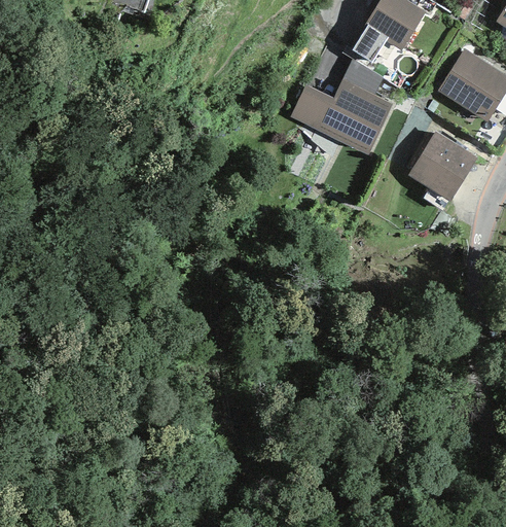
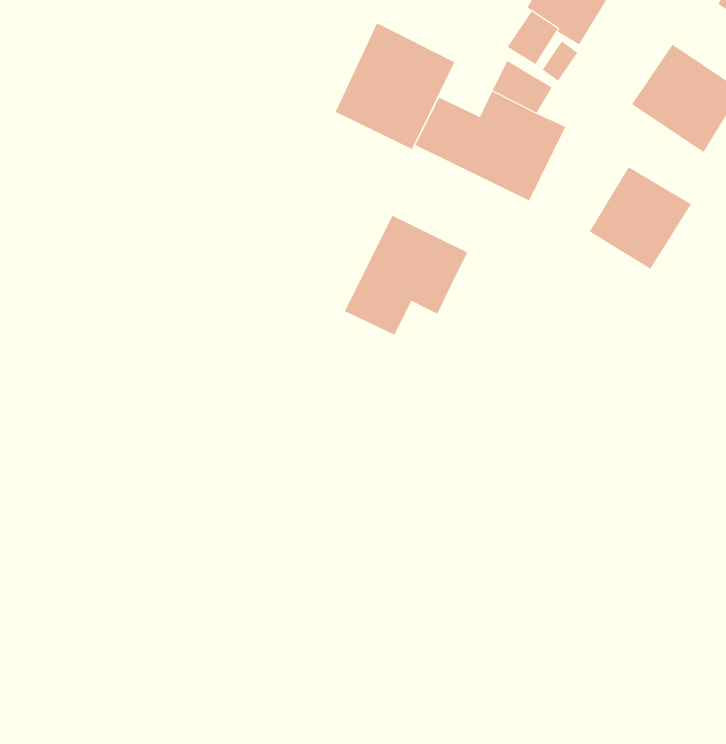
building: none -> [335,23,455,150]
building: none -> [344,215,468,336]

